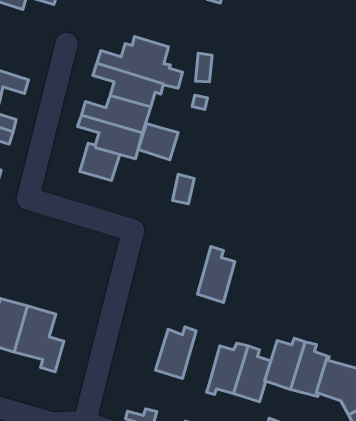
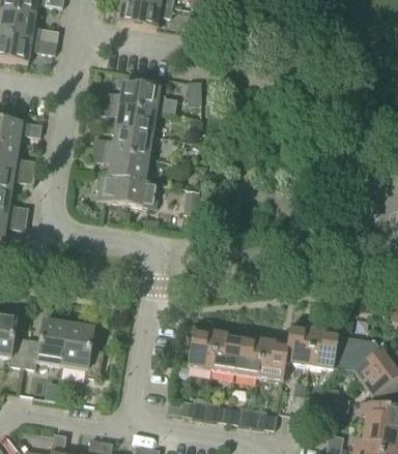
building: [138,124,178,160] -> [126,180,160,209]
building: [197,247,235,302] -> [212,326,241,373]

